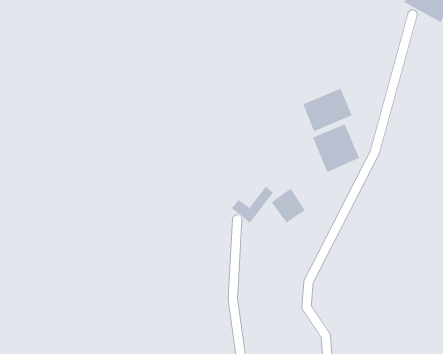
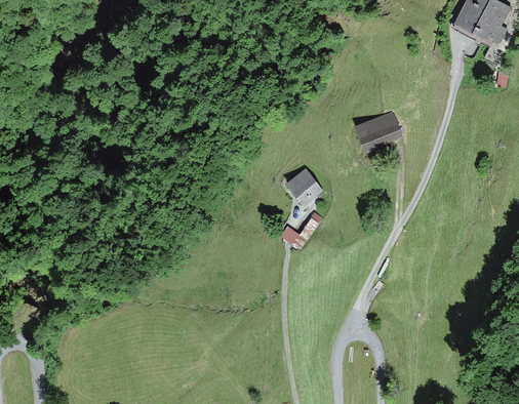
building: [312,124,360,173] -> none
building: [271,188,306,224] -> [286,168,321,204]

